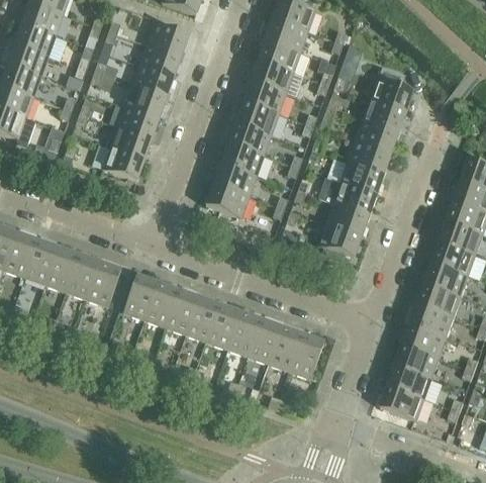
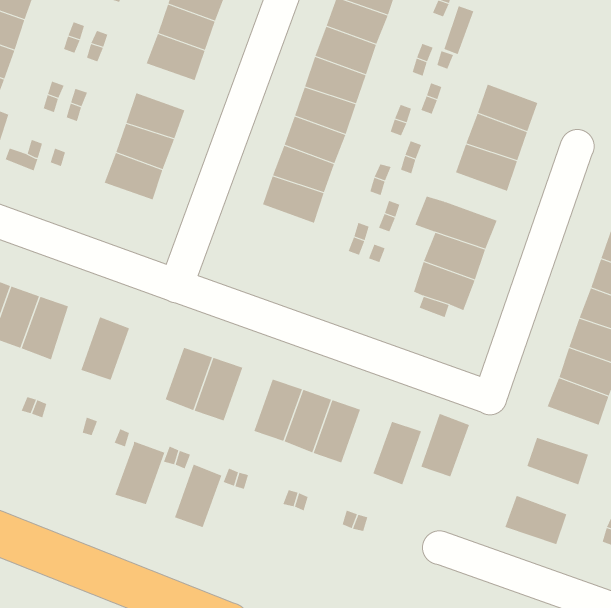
building: [370,67,413,112] -> none
building: [125,85,167,117] -> none
building: [341,161,384,194] -> none
building: [206,183,250,217] -> none
building: [67,254,100,298] -> none
building: [123,274,159,318] -> [114,441,165,505]
building: [187,296,220,341] -> [174,464,222,528]
building: [404,323,448,357] -> none
building: [269,325,303,370] -> [420,413,470,477]
building: [390,365,433,398] -> none

